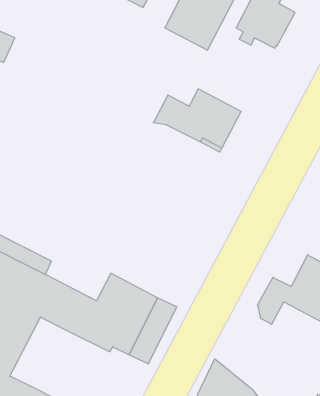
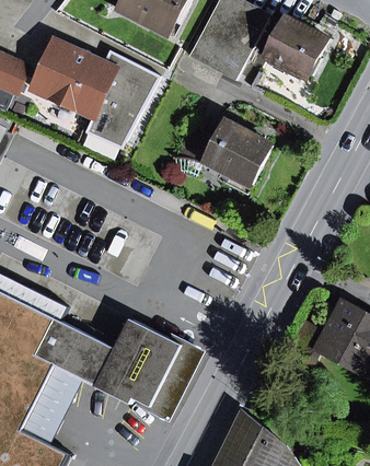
building: none -> [33,42,158,150]
building: none -> [22,366,83,444]

